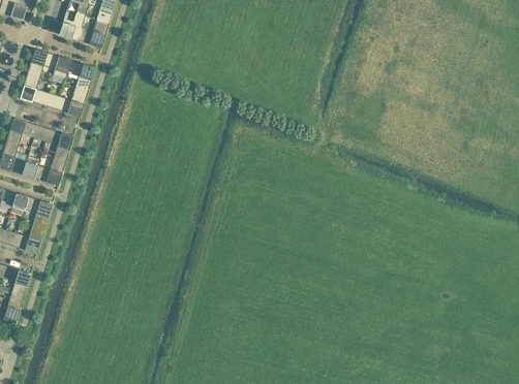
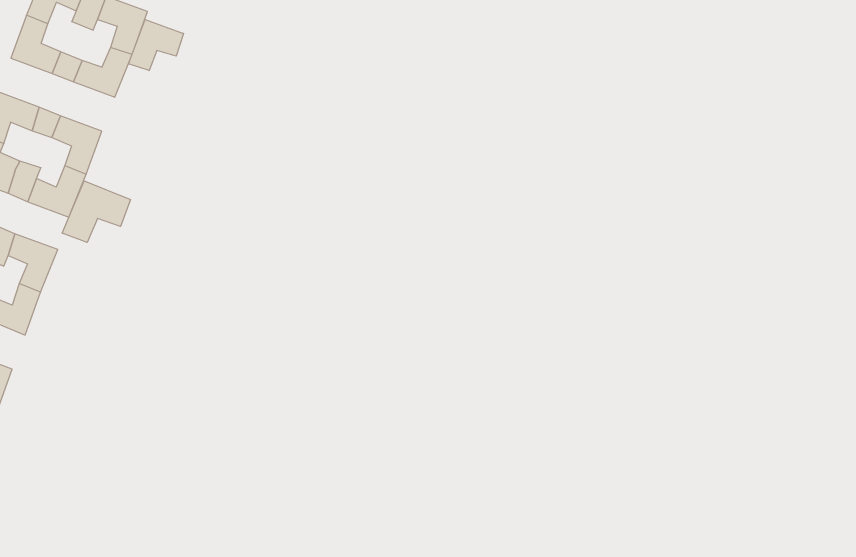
building: none -> [129,20,184,71]
building: none -> [62,181,131,242]

